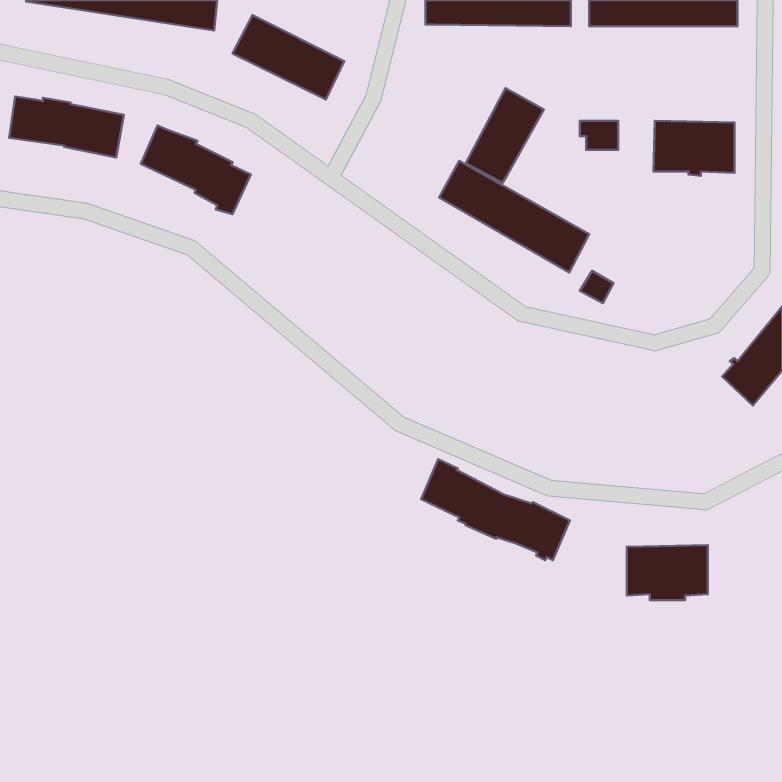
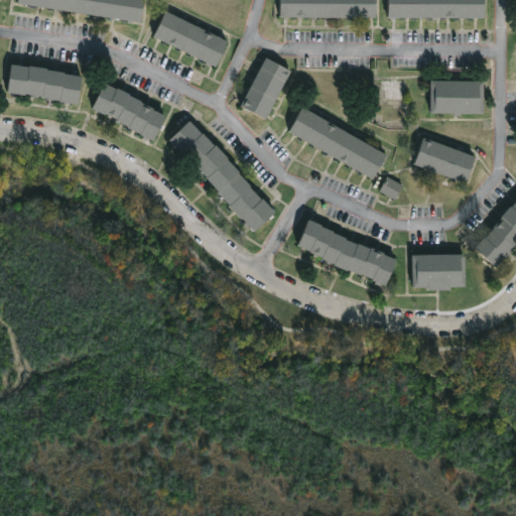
building: [466,88,544,183] -> [240,56,291,119]
building: none -> [170,120,275,231]
building: none -> [415,137,476,181]
building: [421,459,570,560] -> [298,219,396,285]
building: [627,545,708,600] -> [412,254,466,290]

